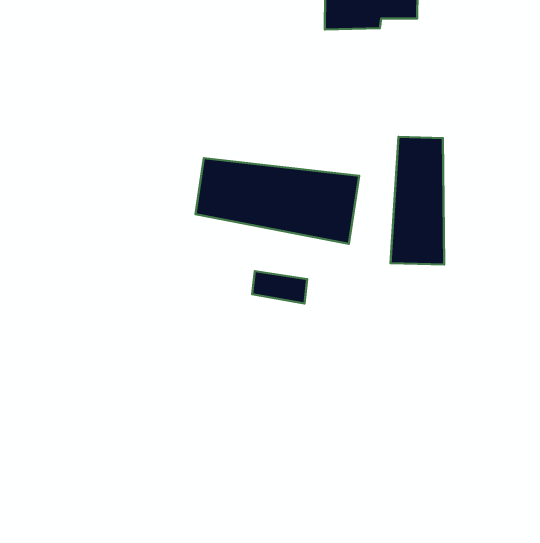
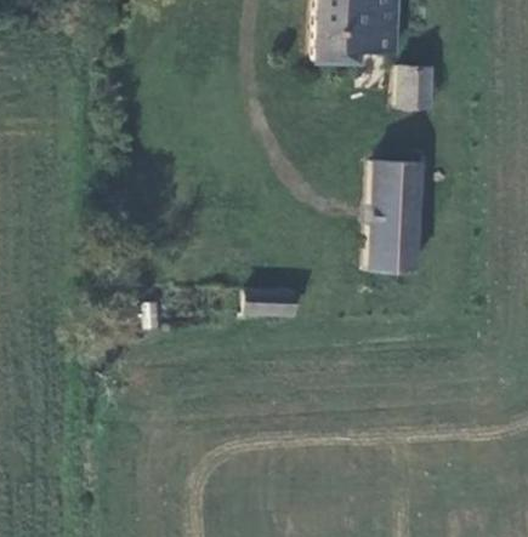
building: none -> [393,69,426,112]
building: [195,158,359,244] -> none

